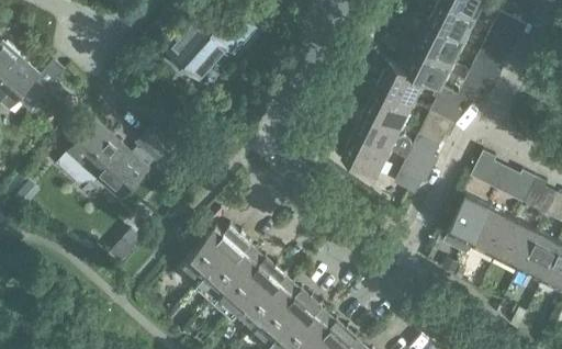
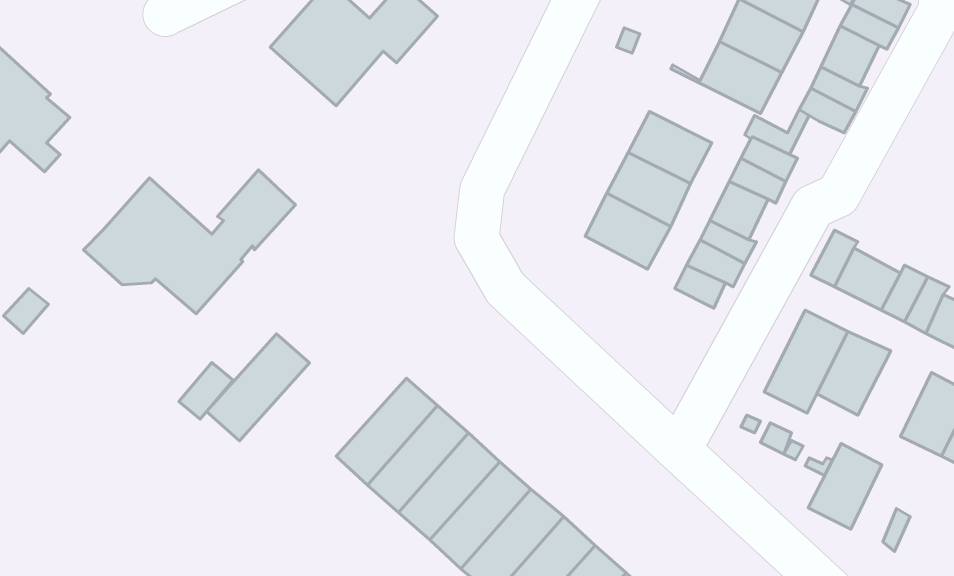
building: [379,60,426,102] -> none
building: [183,218,241,279] -> [207,334,310,441]
building: [496,219,538,268] -> [808,443,882,529]

